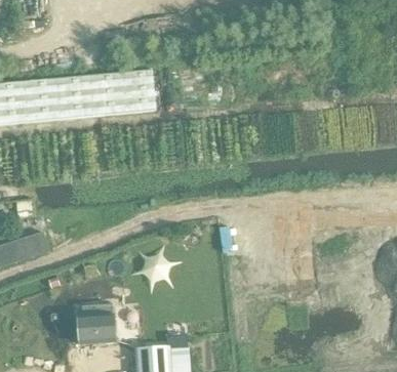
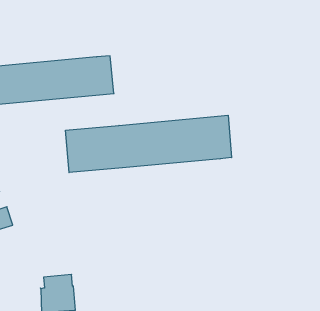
building: none -> [66,115,232,173]

